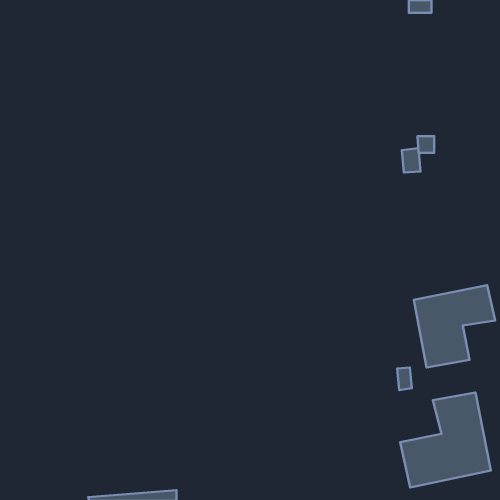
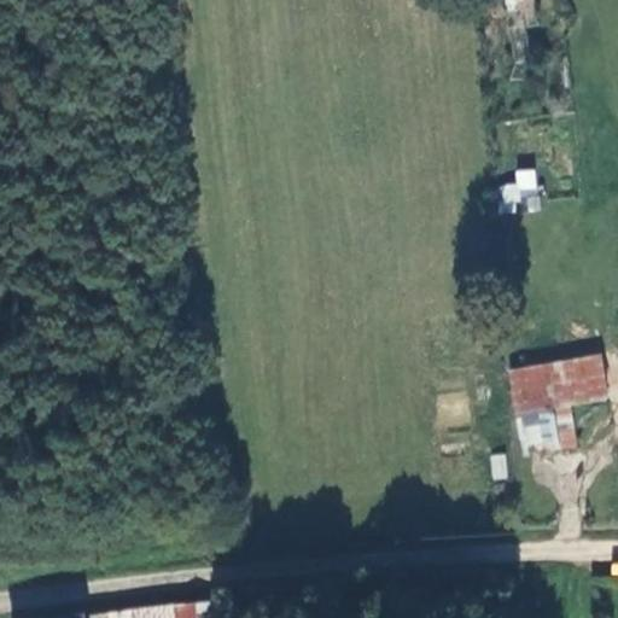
building: [400,393,491,487] -> none

